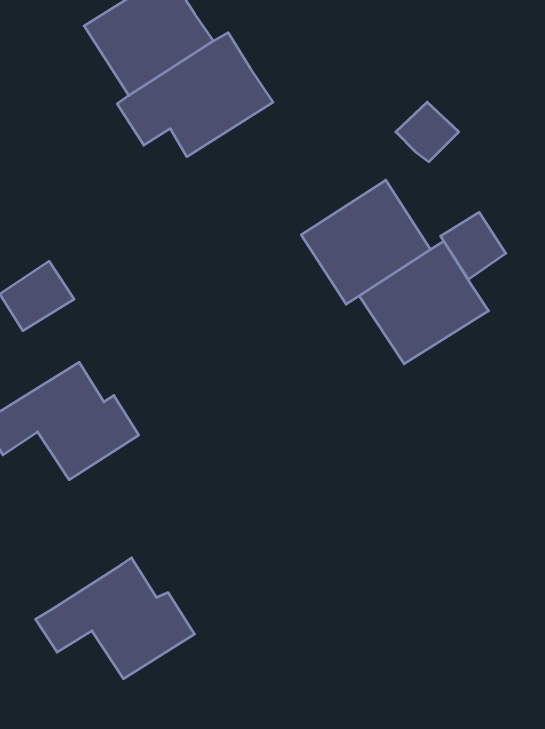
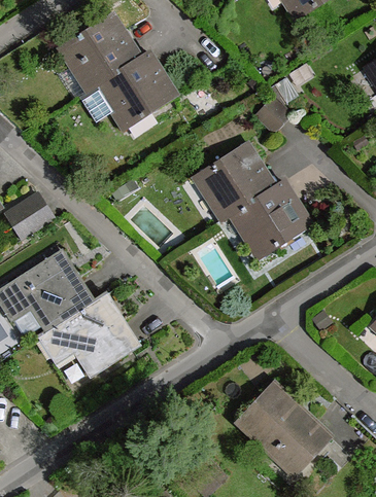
building: [441,212,506,280] -> none
building: [36,558,195,679] -> [39,297,138,372]
building: none -> [238,384,330,469]

